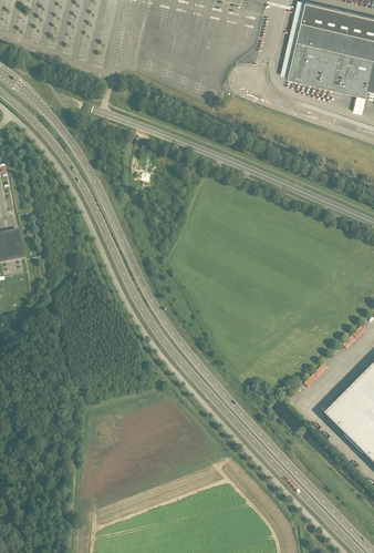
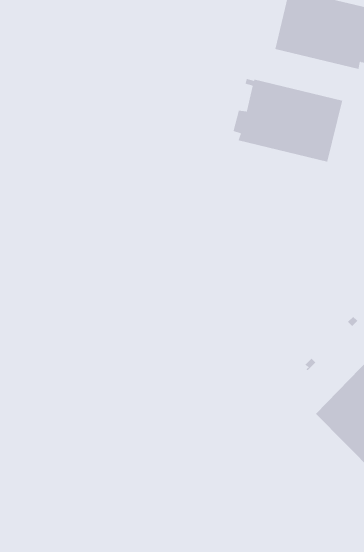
building: none -> [233,78,343,162]

